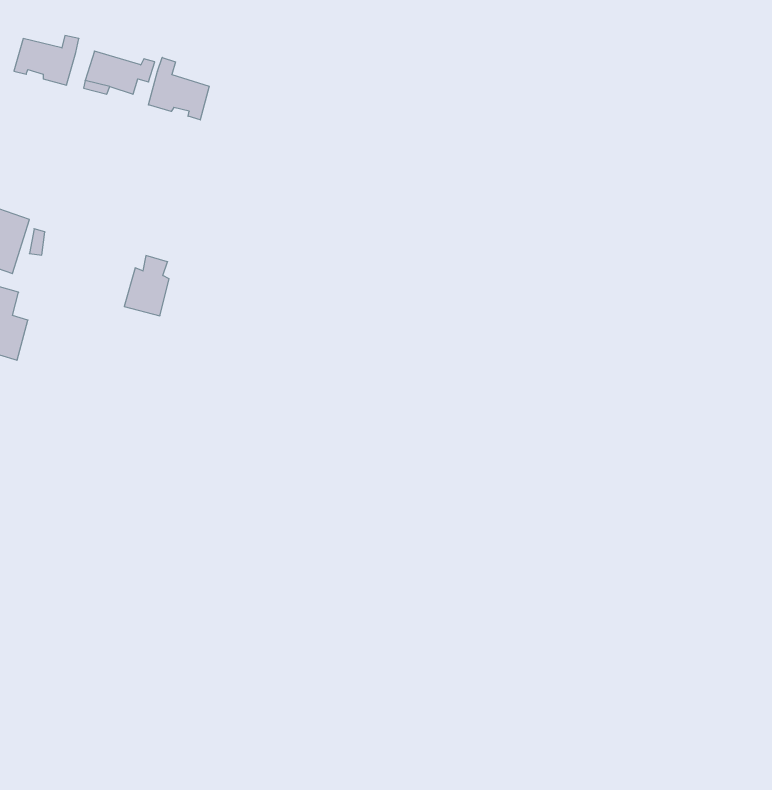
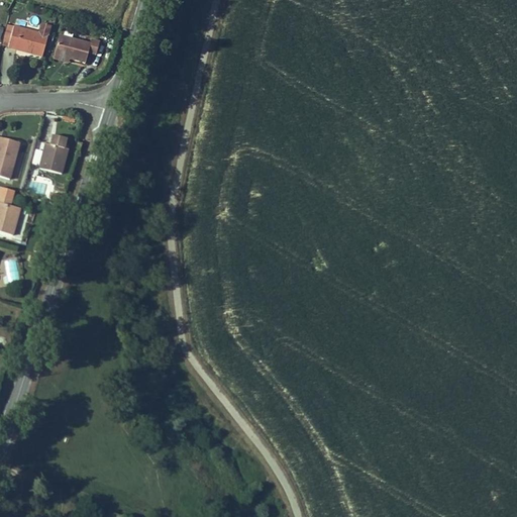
building: [148,57,209,120] -> none
building: [124,256,169,316] -> [38,135,68,175]

